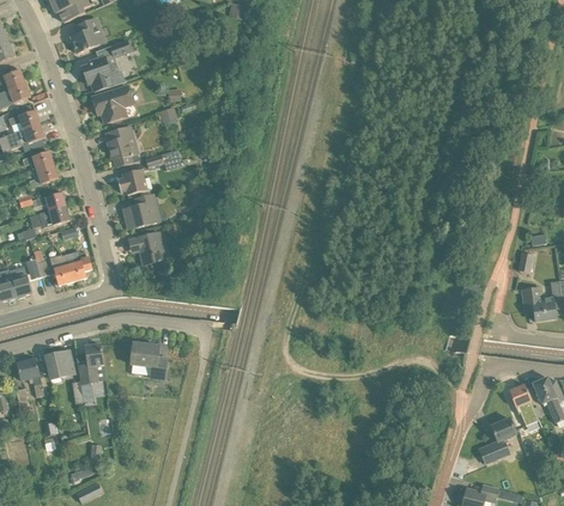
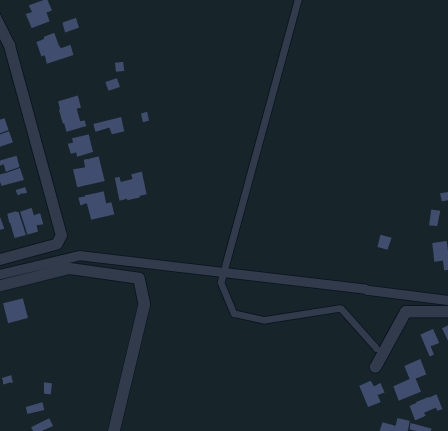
building: [91,84,133,122] -> none
building: none -> [114,171,147,201]
building: [129,341,164,379] -> none
building: [75,343,103,389] -> none
building: none -> [359,380,385,408]
building: none -> [409,394,443,421]

